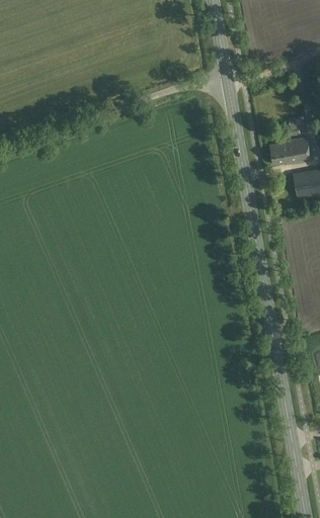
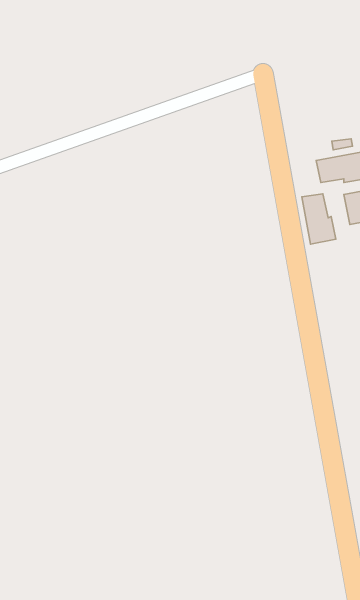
building: none -> [302,194,336,244]

